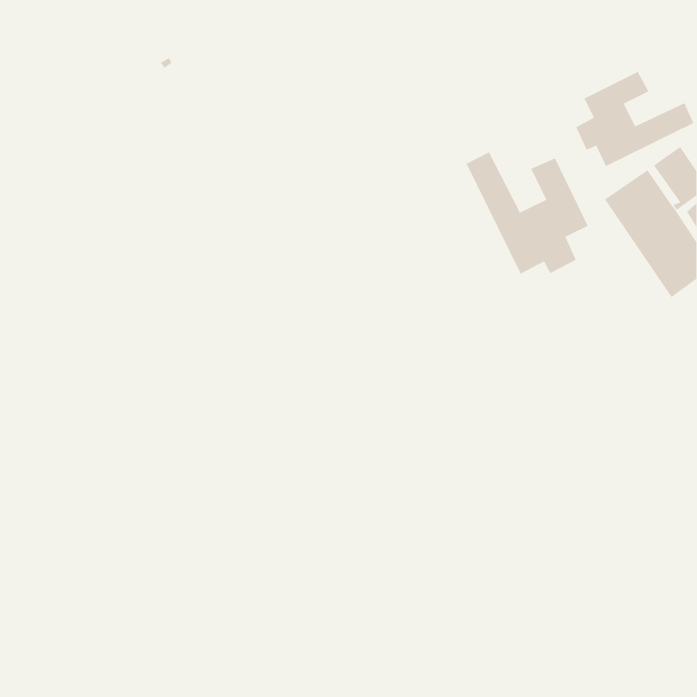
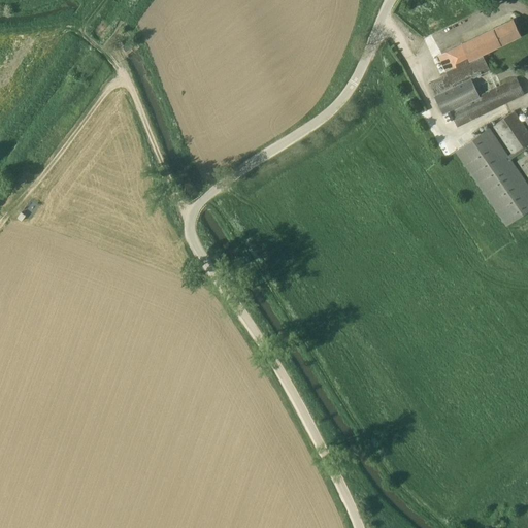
building: none -> [432,19,521,74]
building: [466,151,588,274] -> none

